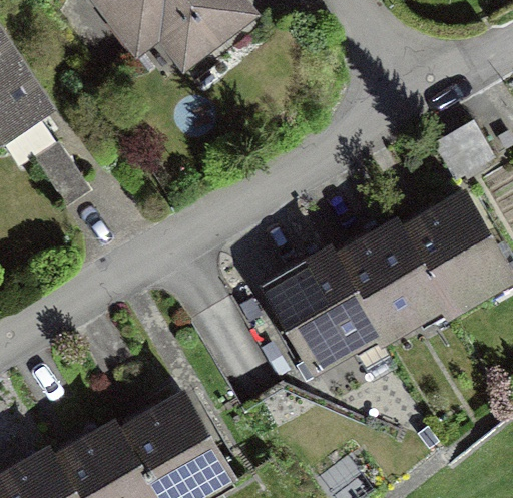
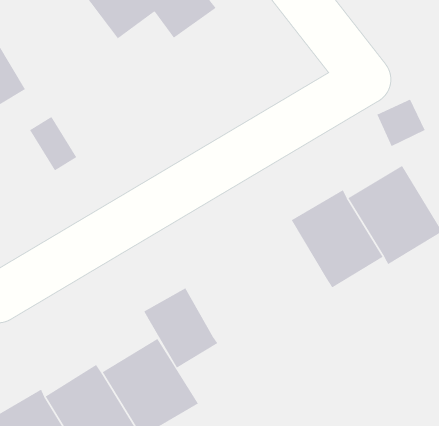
building: [265,250,376,366] -> none
building: none -> [144,287,218,368]

